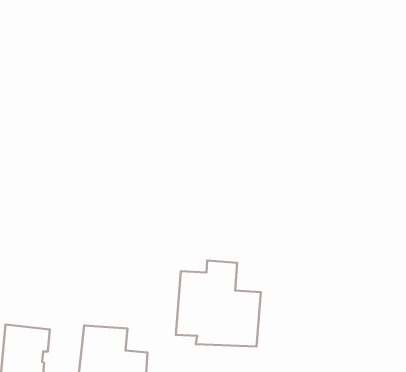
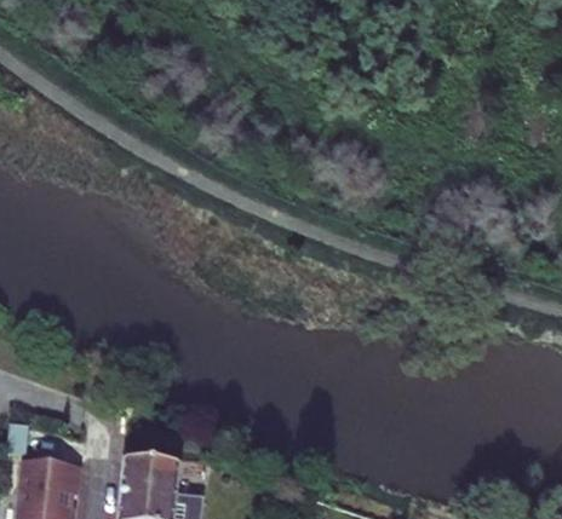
building: [176,261,261,346] -> none

